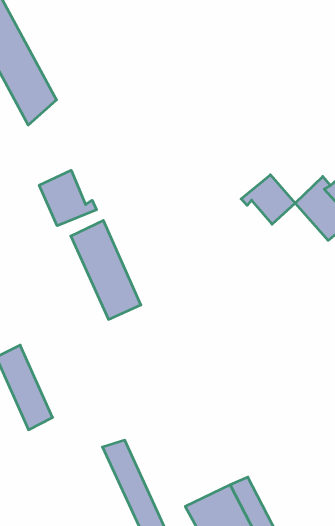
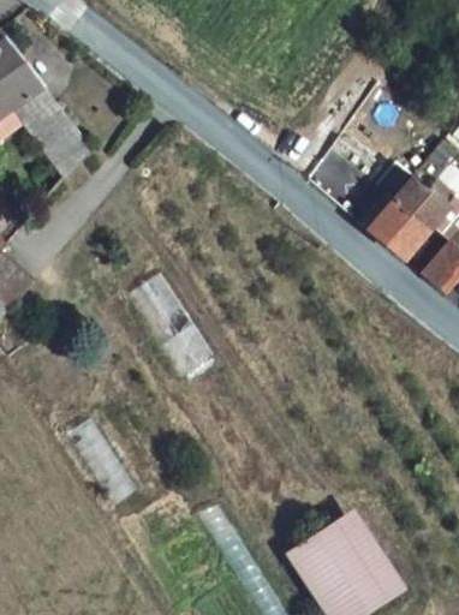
building: [39,170,97,226] -> none
building: [241,175,295,224] -> none

